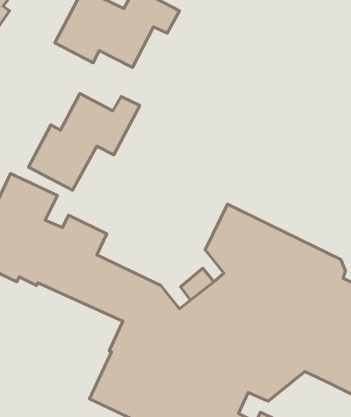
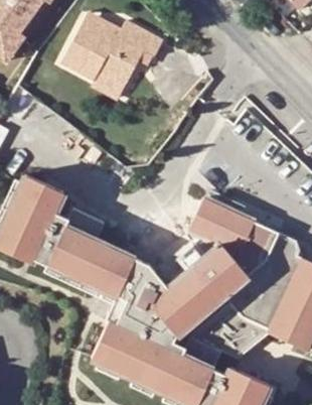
building: [28,93,140,190] -> none

